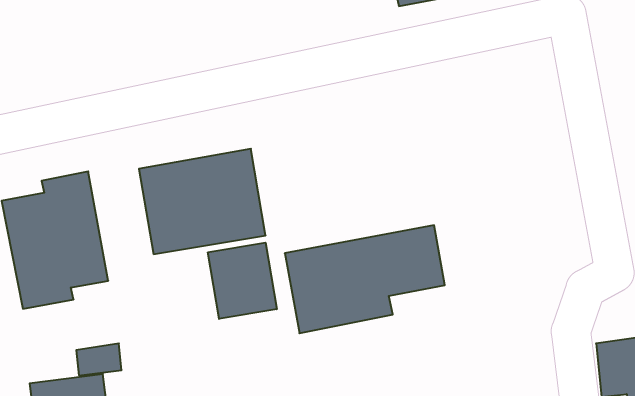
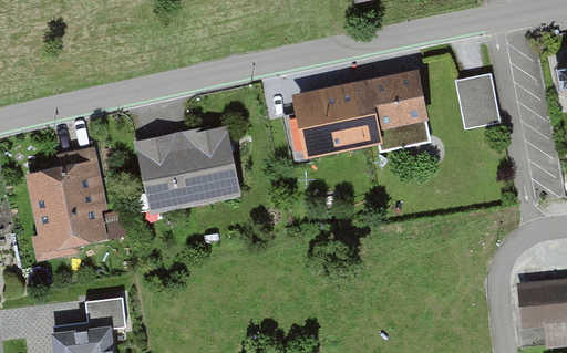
building: none -> [455,71,499,126]
building: [285,225,445,333] -> [290,76,423,166]
building: [208,243,277,319] -> none

